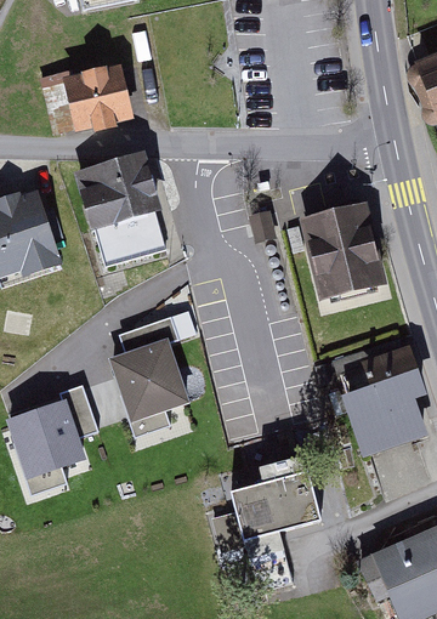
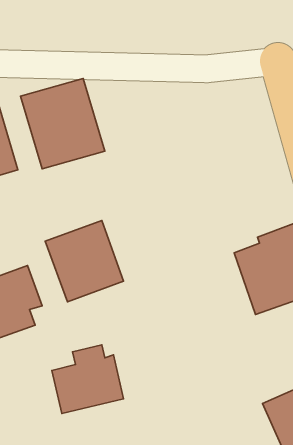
building: [68,66,138,129] -> none
building: [300,195,382,289] -> none
building: [233,461,322,546] -> [52,345,123,413]

